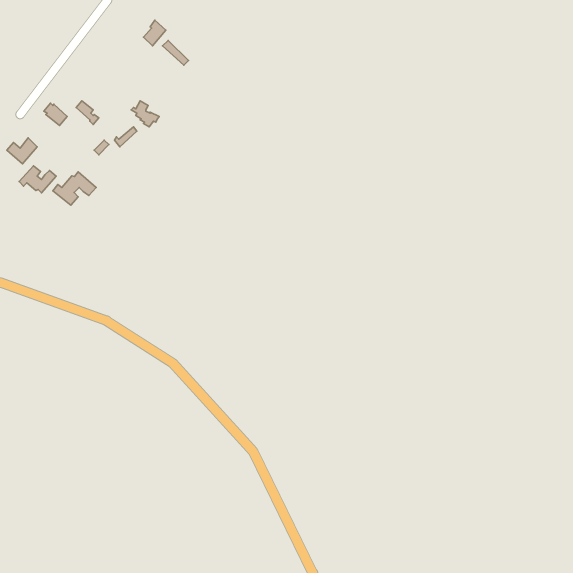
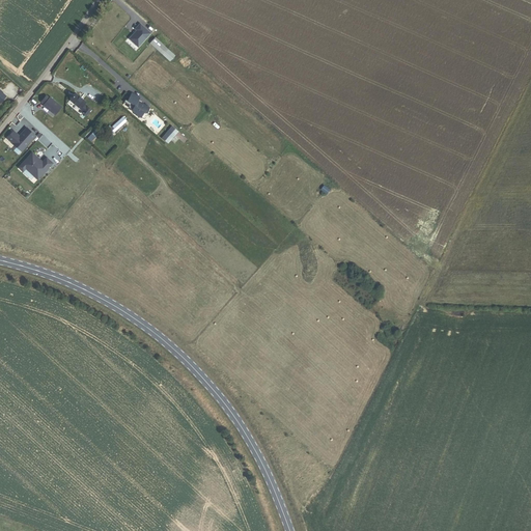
building: [53,172,96,205] -> none

